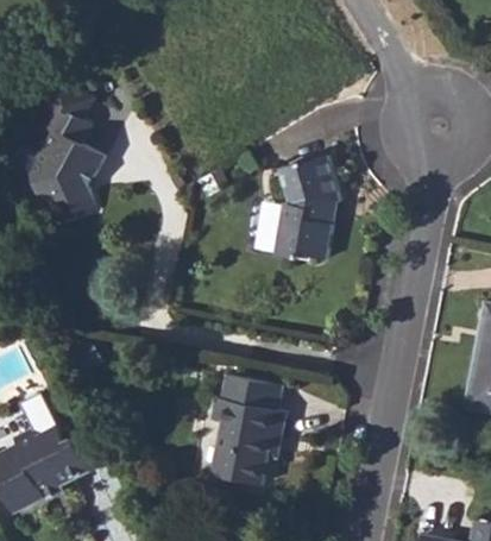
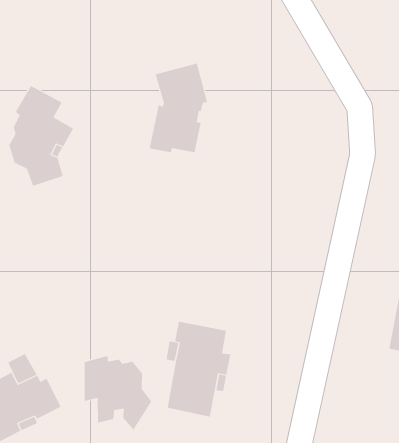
building: [271,153,339,257] -> [149,63,208,153]
building: none -> [84,355,152,430]

